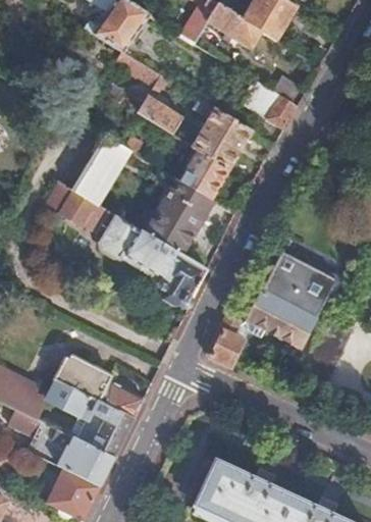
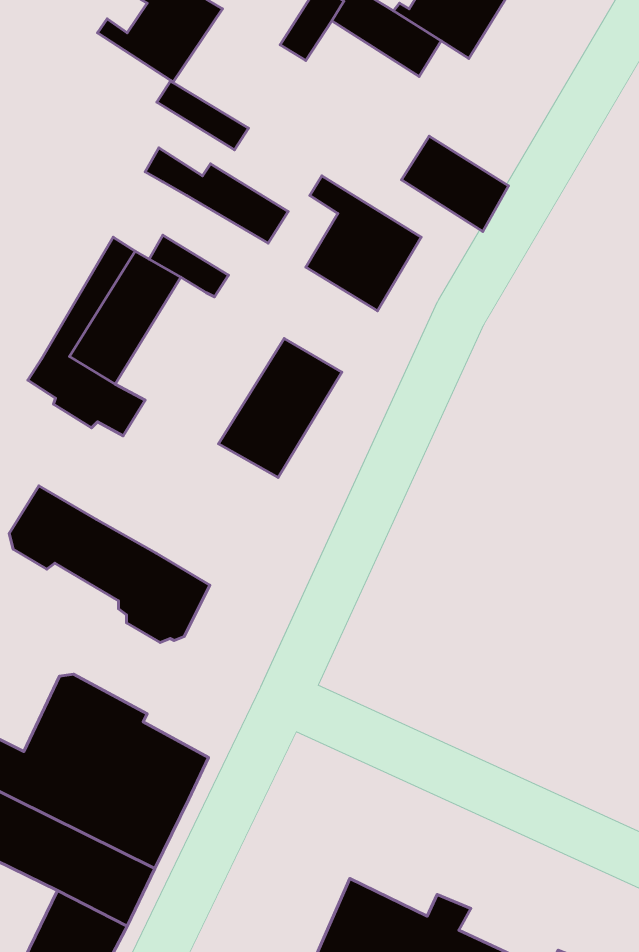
building: [180,147,228,201] -> none
building: [102,220,205,301] -> [9,486,210,643]
building: [206,251,335,366] -> none

